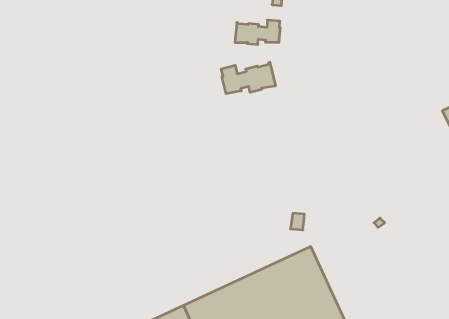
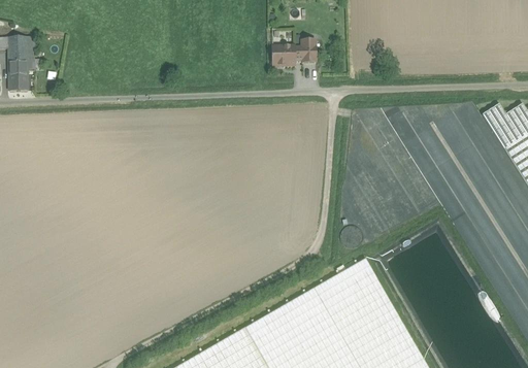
building: [221,62,276,94] -> none

